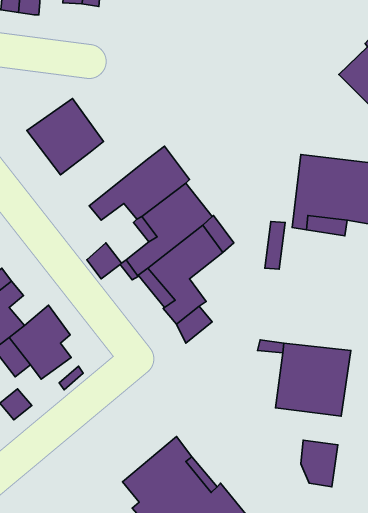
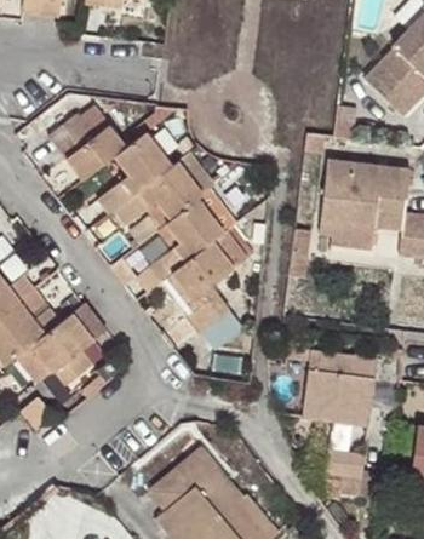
building: none -> [97,131,173,216]

